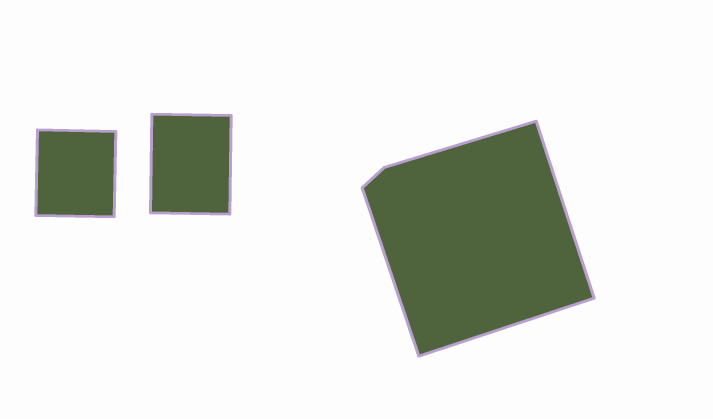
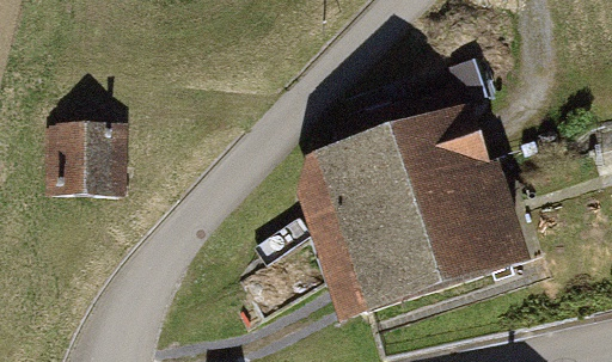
building: [150,114,231,214] -> none

